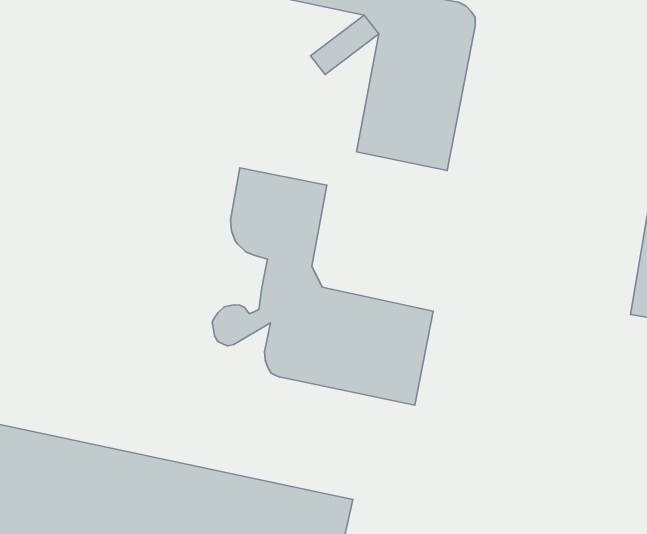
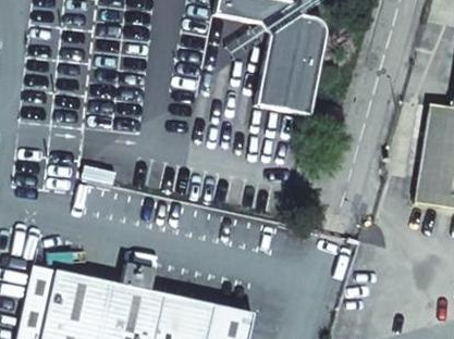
building: [212,168,433,405] -> none

